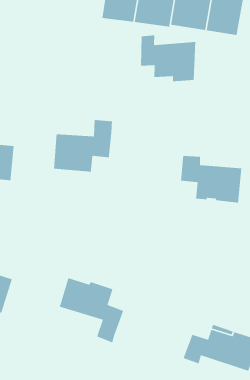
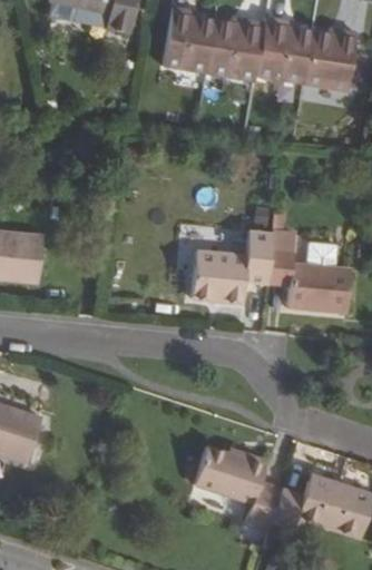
building: [140,34,196,82] -> none
building: [53,119,113,172] -> [192,232,272,303]
building: [59,277,124,344] -> [195,444,283,533]

